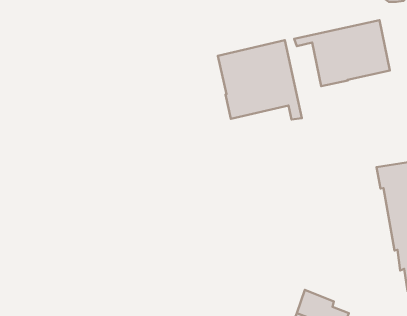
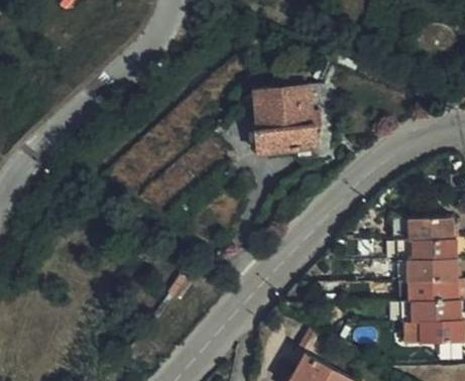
building: [294,20,390,86] -> none

